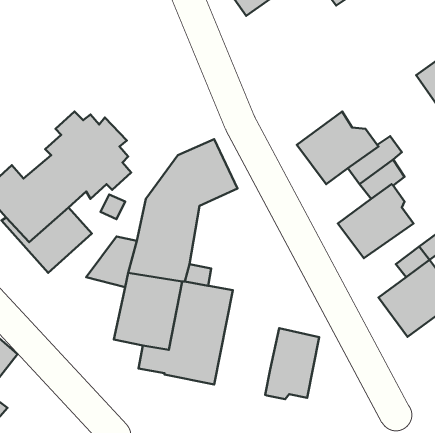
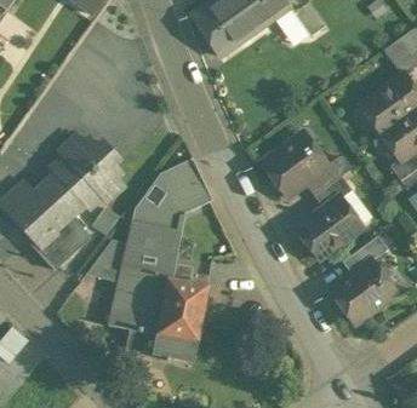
building: [265,328,319,399] -> none

